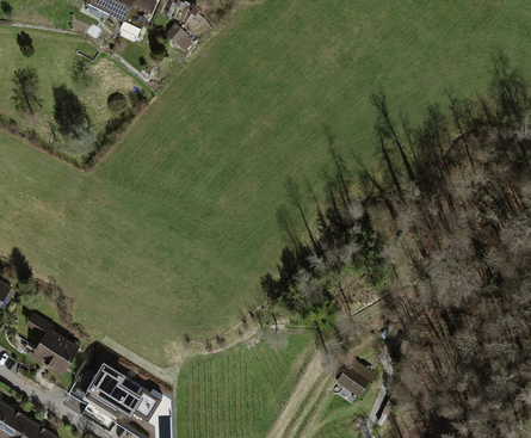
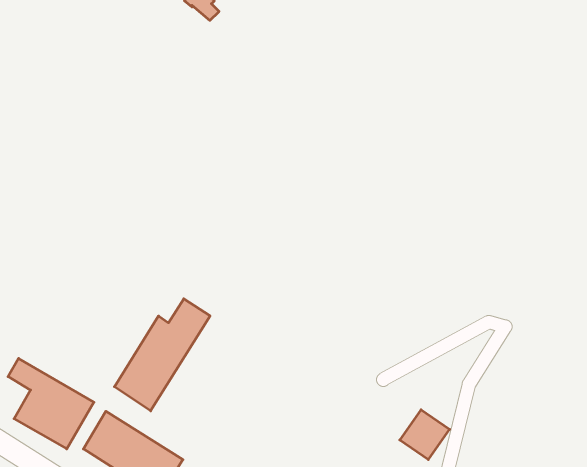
building: none -> [114,299,210,411]

